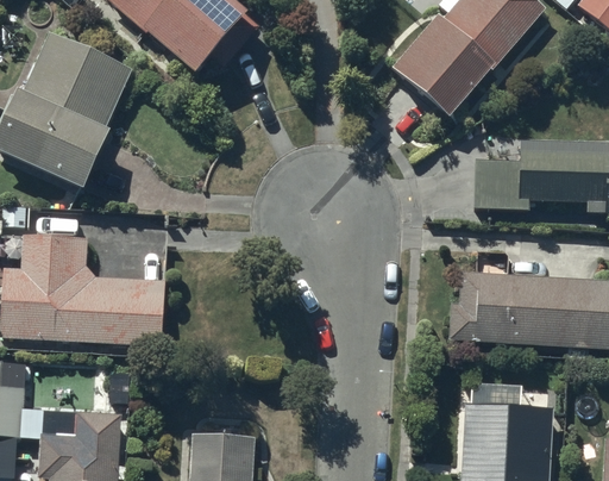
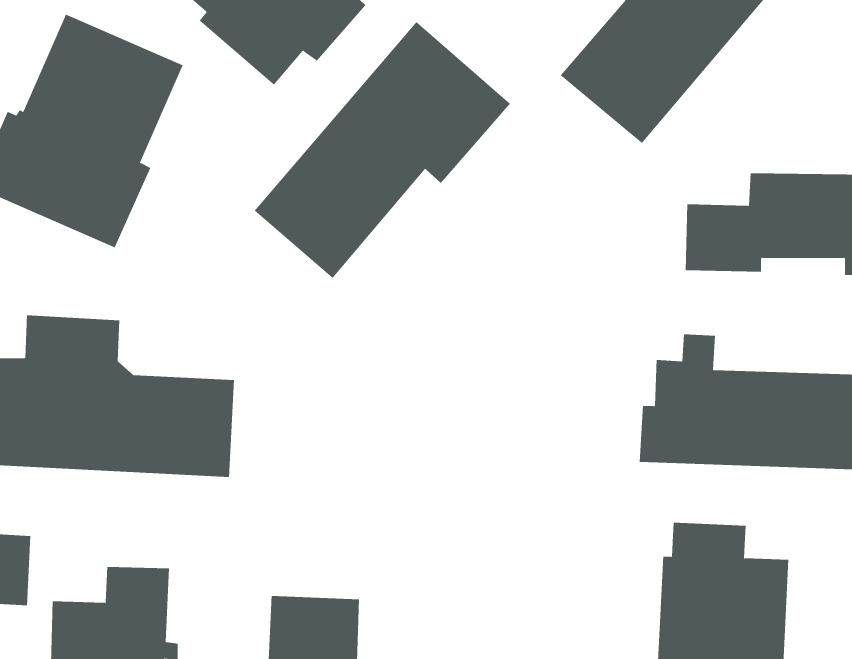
building: none -> [254,21,511,279]

